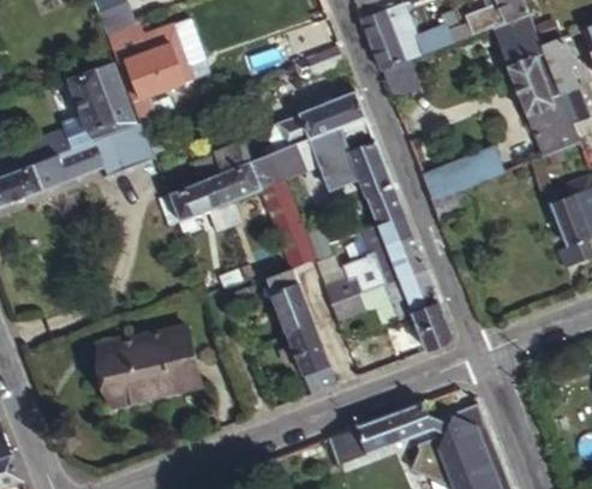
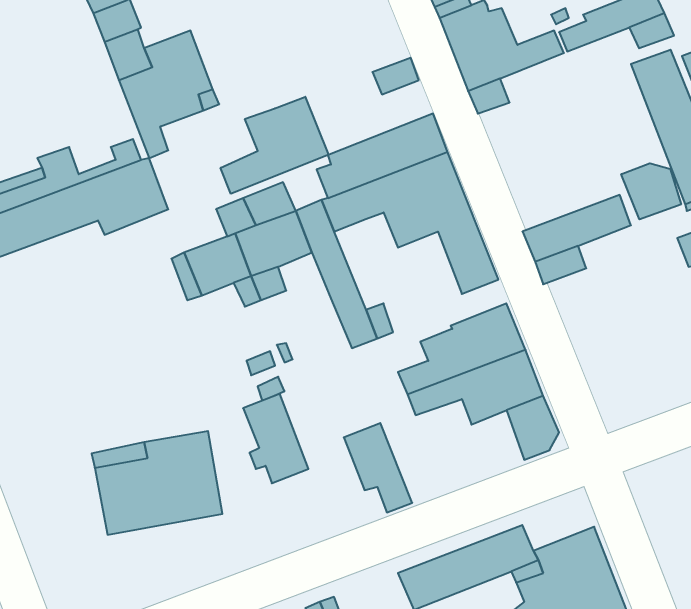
building: [67,64,128,136] -> none
building: none -> [221,97,328,194]
building: none -> [621,163,681,219]
building: [265,267,315,334] -> [243,394,308,483]

